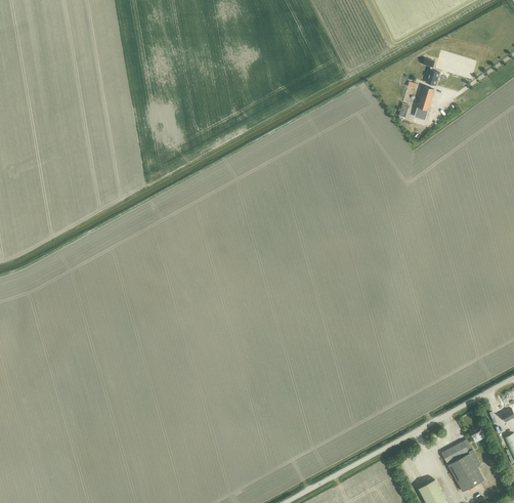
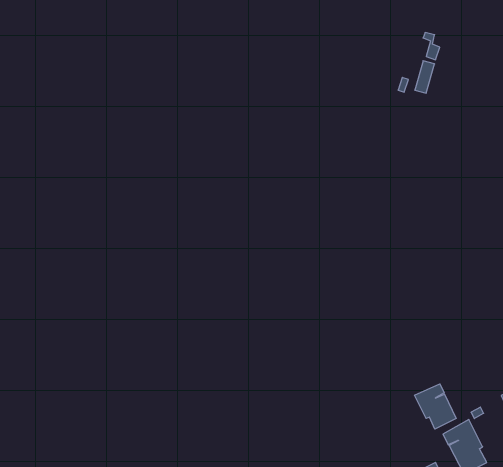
building: none -> [415,384,456,429]

